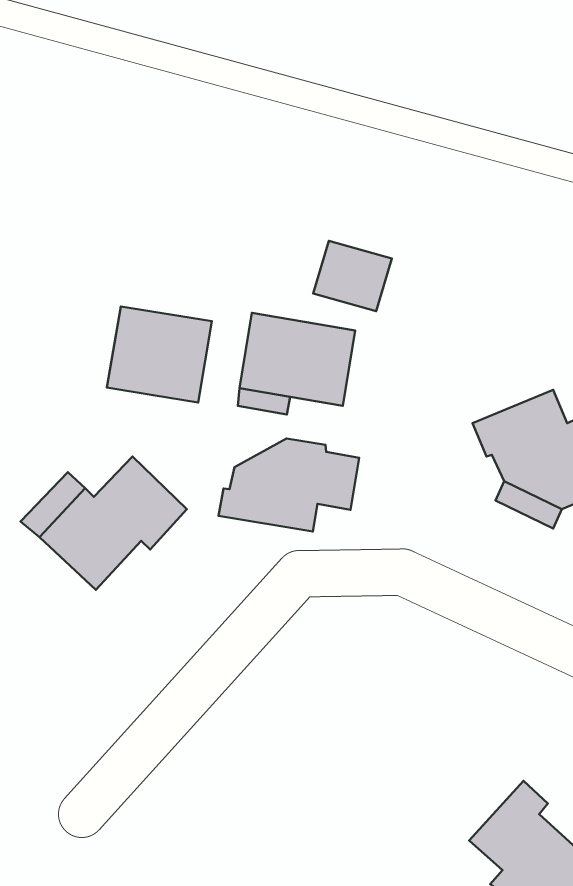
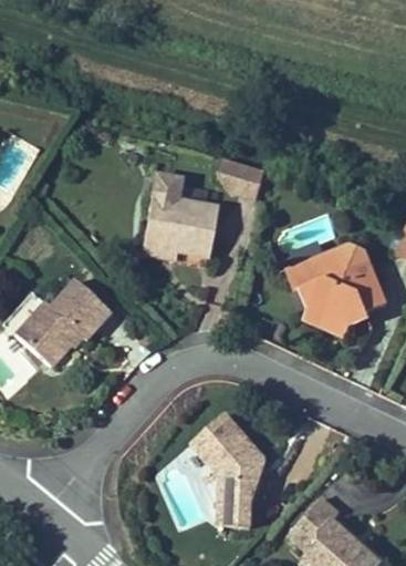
building: [107,306,212,402] -> none
building: [219,438,359,531] -> none
building: none -> [198,414,275,528]

